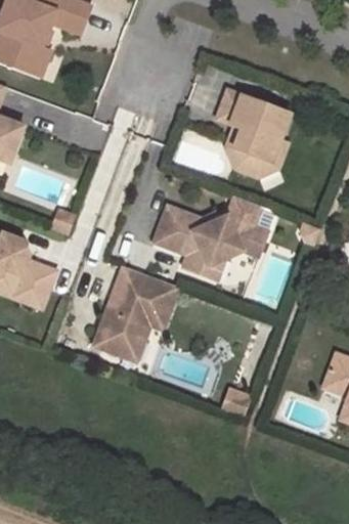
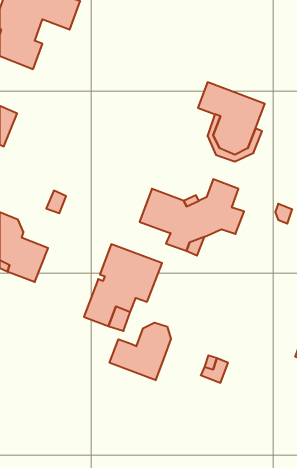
building: none -> [110,323,171,380]

